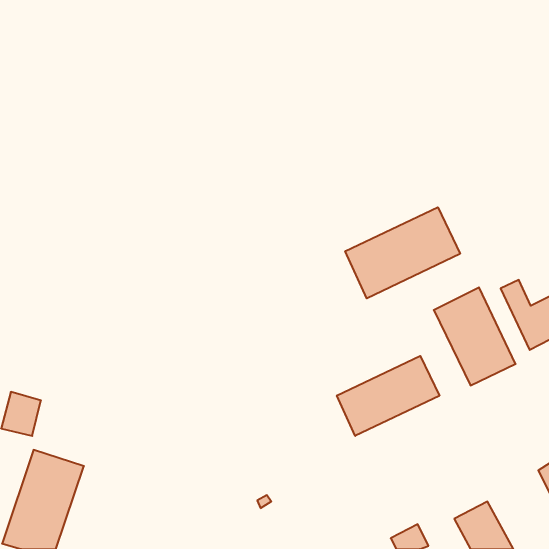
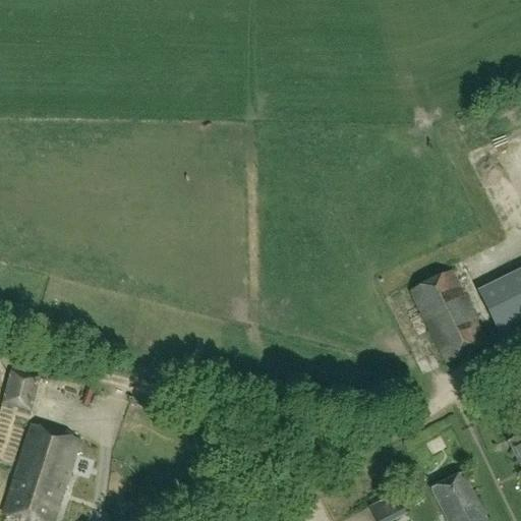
building: [345,207,460,298] -> none
building: [337,356,439,436] -> none

